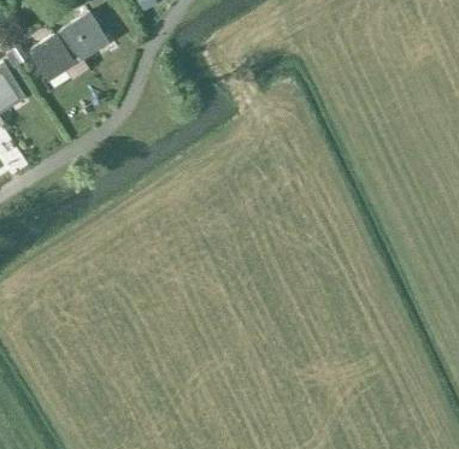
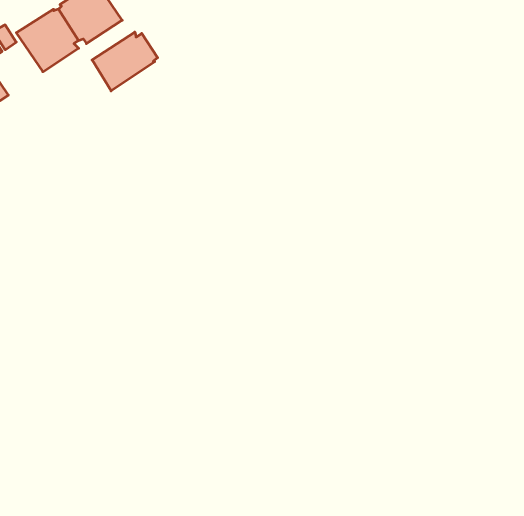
building: none -> [92,32,158,91]

